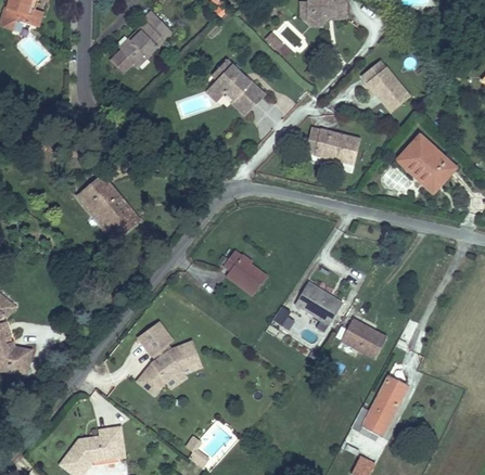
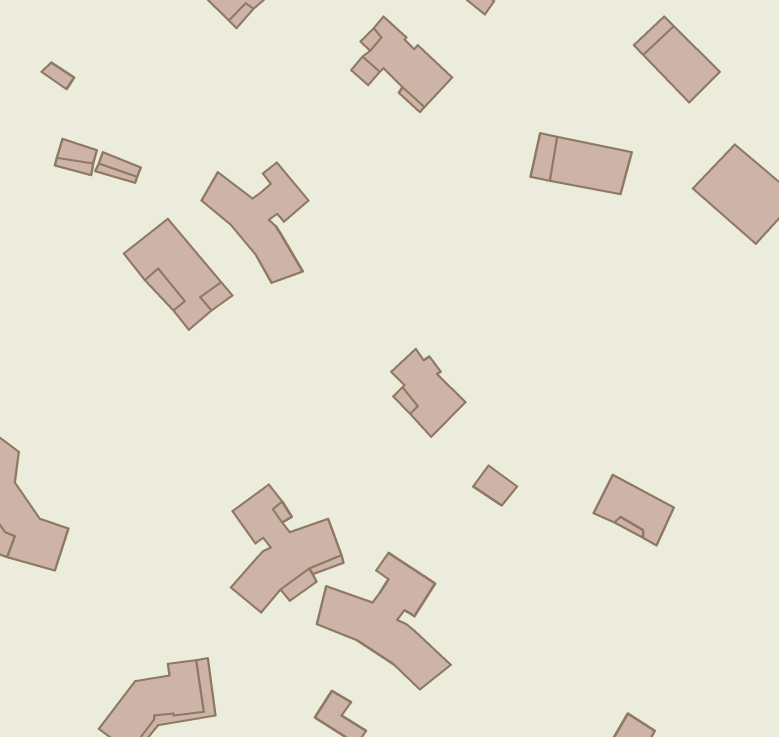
building: none -> [202,163,308,283]
building: [294,280,342,324] -> none
building: none -> [317,553,451,689]
building: [350,372,411,440] -> none

